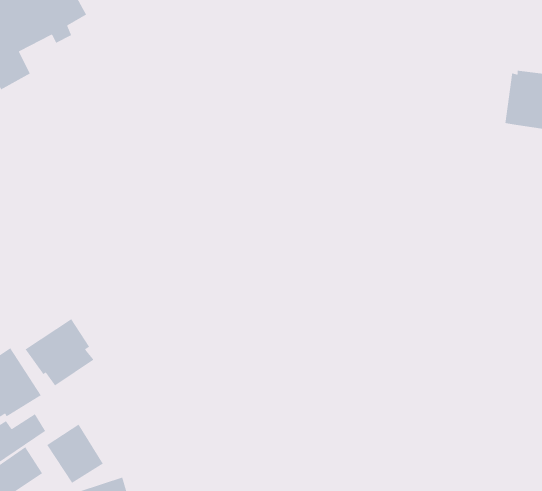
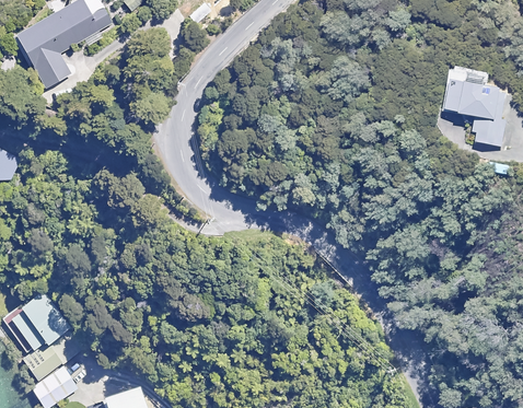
building: [25,318,94,386] -> none
building: [46,423,104,484] -> none

